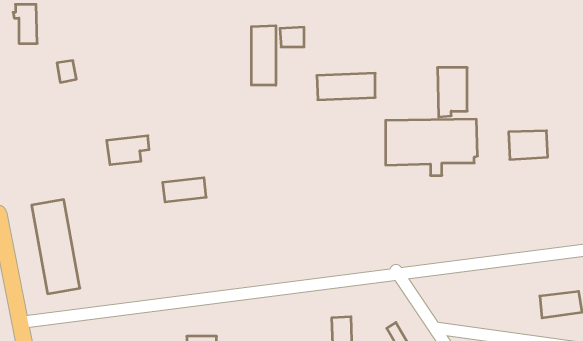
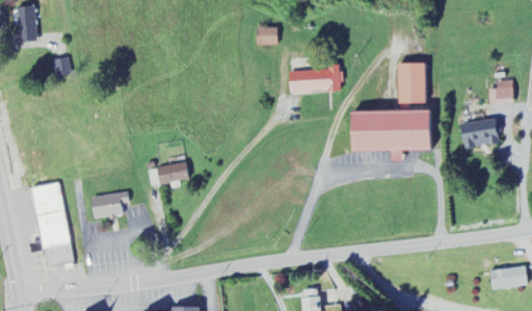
building: [251,26,276,85] -> none
building: none -> [489,80,514,103]
building: [107,136,149,165] -> [91,191,130,217]

